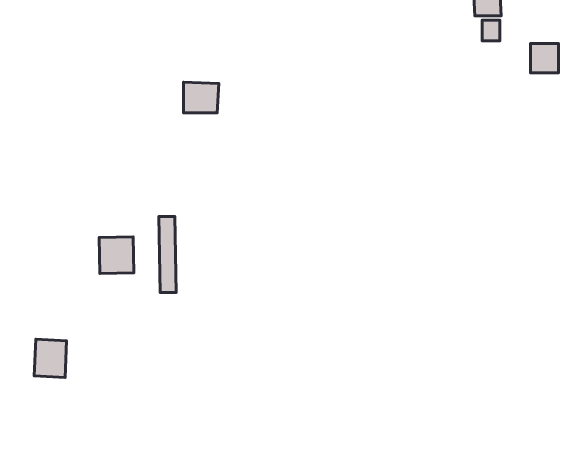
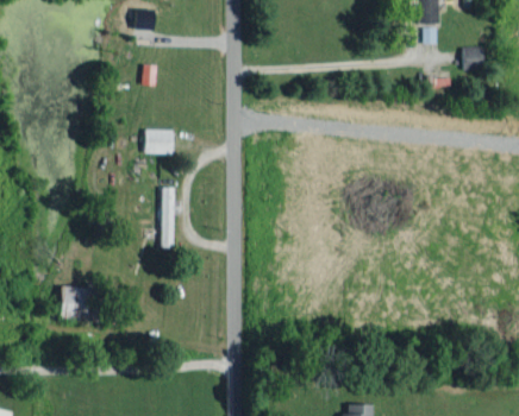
building: [184,82,219,113] -> [145,128,174,153]
building: [99,237,134,273] -> none

